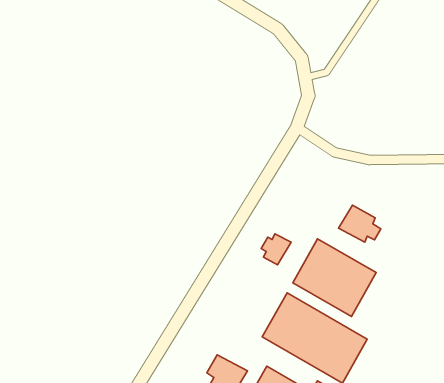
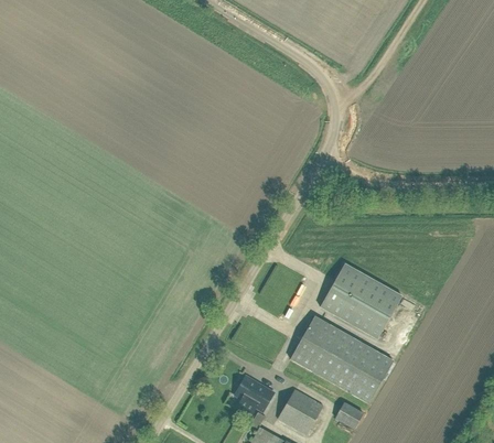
building: [338,205,381,242] -> none
building: [261,234,291,265] -> none

